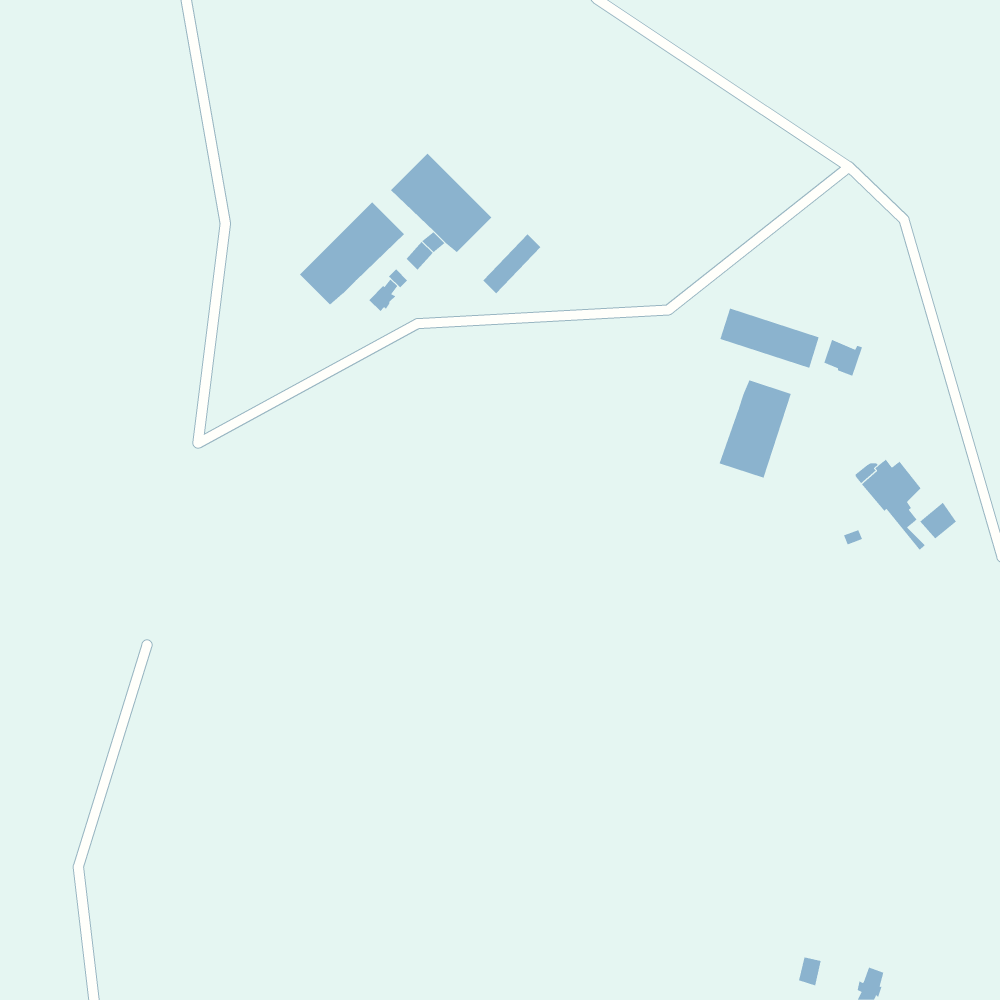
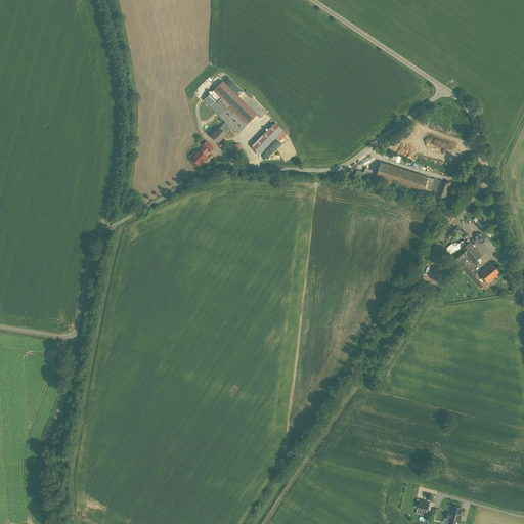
building: [299,202,405,305] -> none
building: [719,380,792,478] -> none

